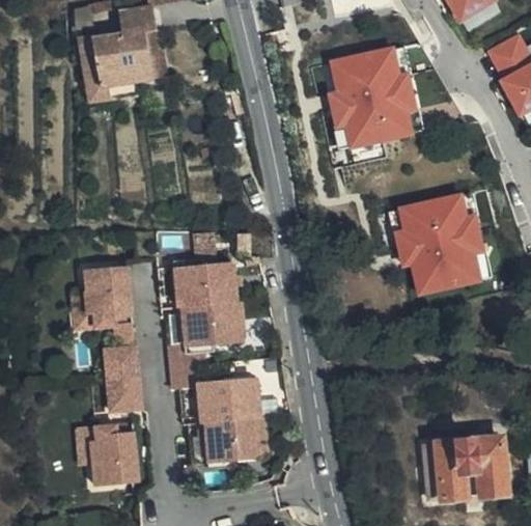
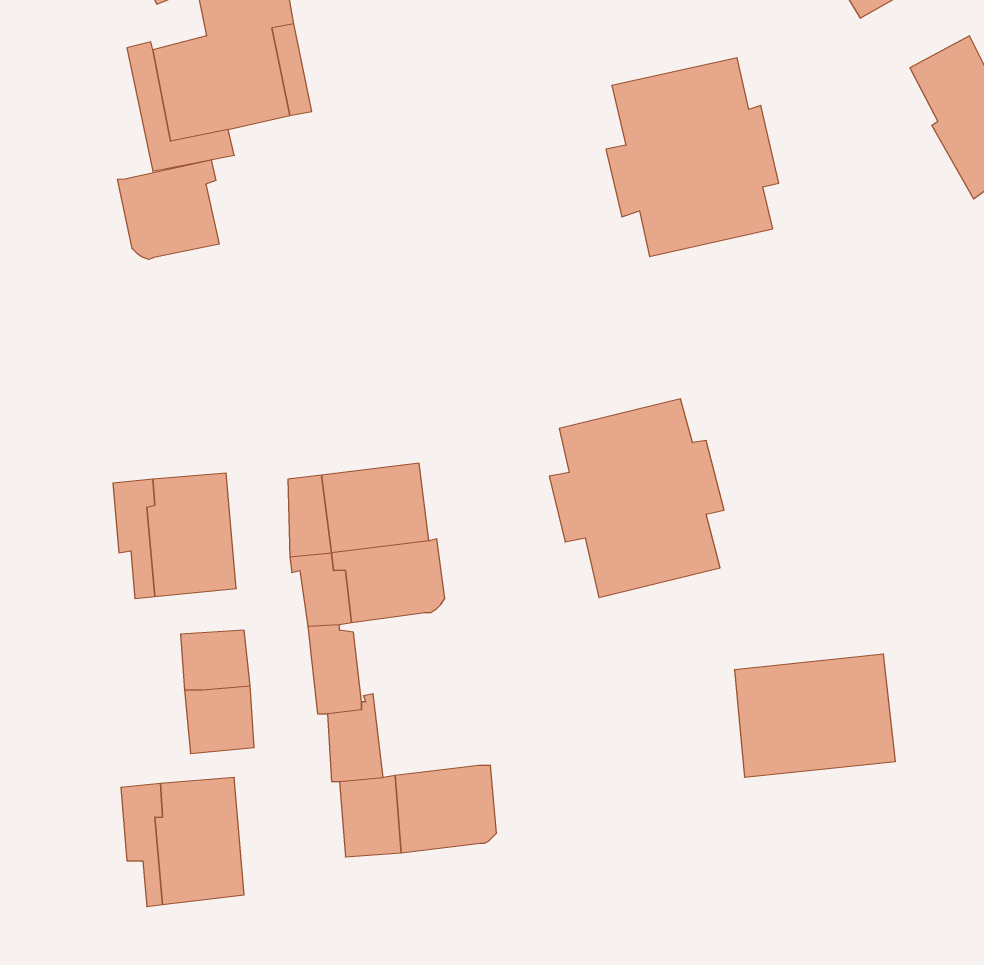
building: none -> [118,160,219,259]
building: [394,192,485,296] -> [549,399,724,598]
building: [206,372,261,421] -> none
building: [420,438,504,502] -> [734,654,895,777]

